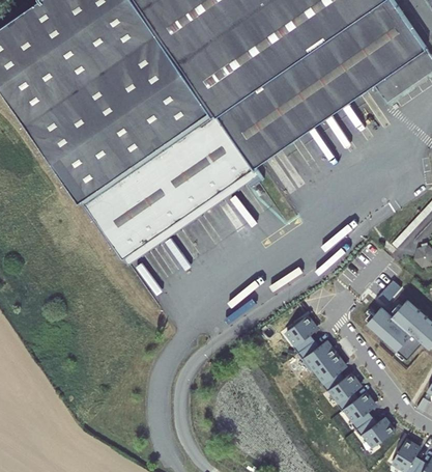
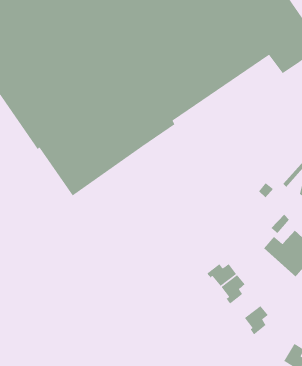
building: [285,318,315,354] -> none
building: [327,373,358,411] -> none
building: [354,418,393,447] -> none

